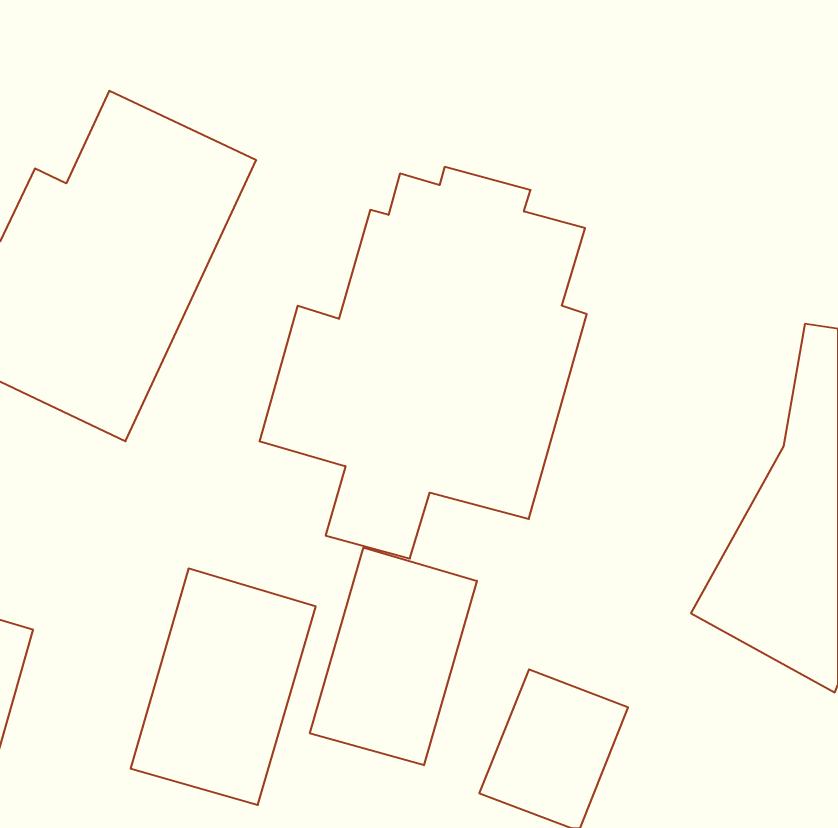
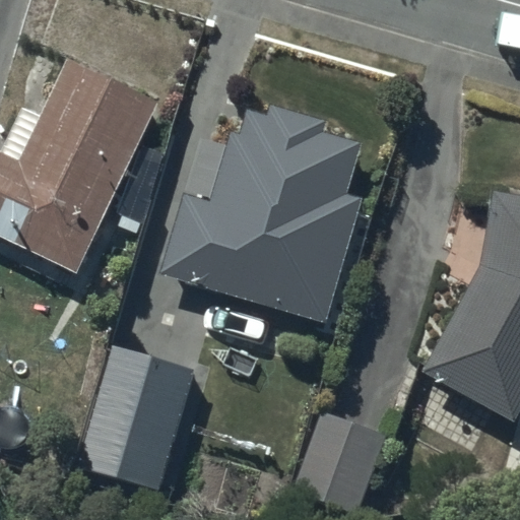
building: [310,548,477,765] -> none

